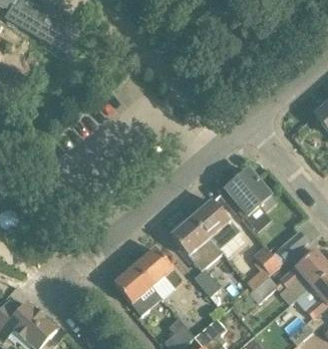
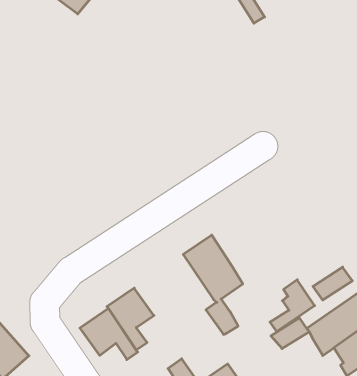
building: [226,168,276,214] -> none
building: [192,200,240,253] -> none
building: [134,248,183,287] -> [80,309,138,360]

